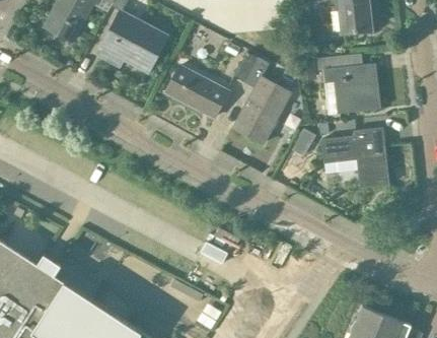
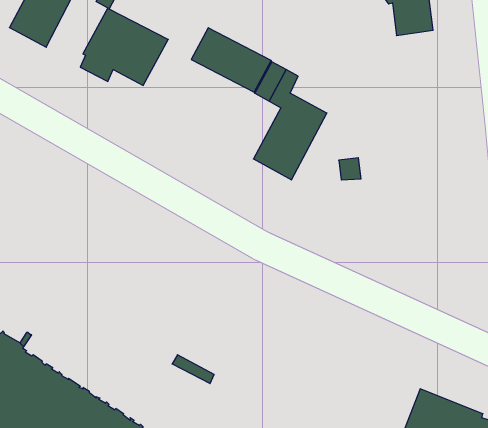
building: [317,55,381,114] -> none
building: [166,67,228,117] -> [191,28,271,92]
building: [322,127,389,187] -> none

